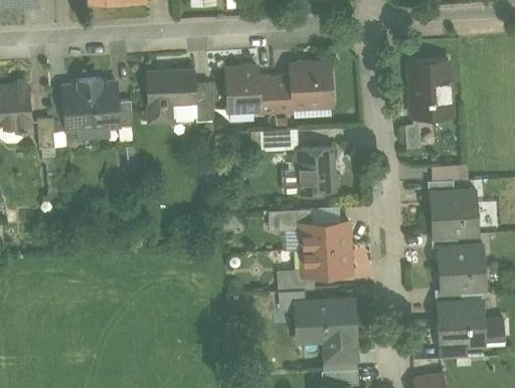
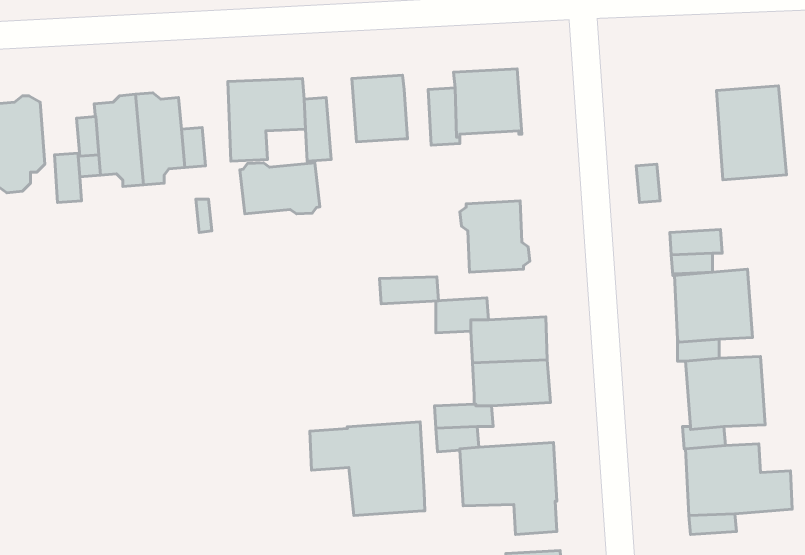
building: [408,58,453,118] -> [717,86,787,180]
building: [259,76,276,113] -> none
building: none -> [240,163,320,214]
building: [261,129,298,146] -> [380,277,438,304]
building: none -> [310,422,425,516]

